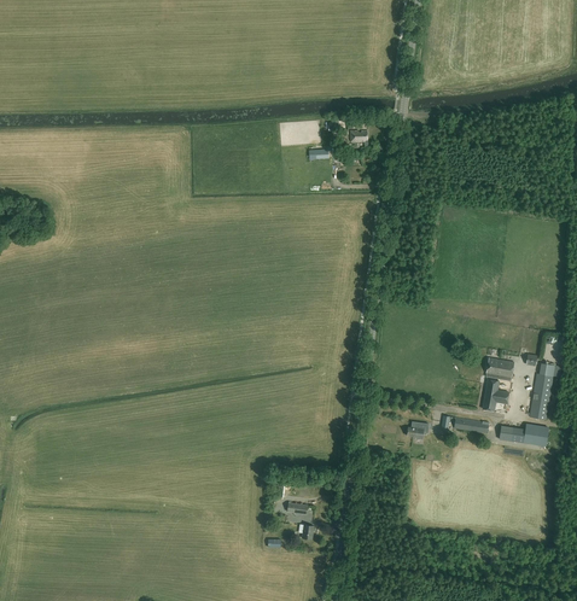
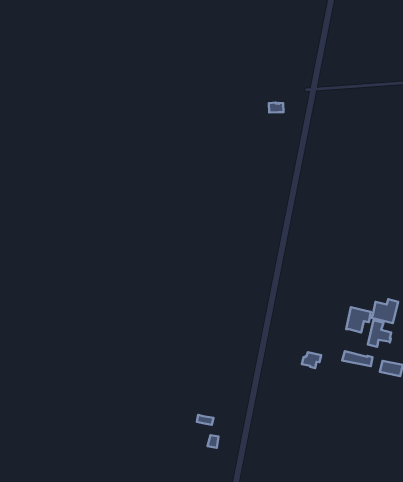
building: none -> [346,307,371,333]

